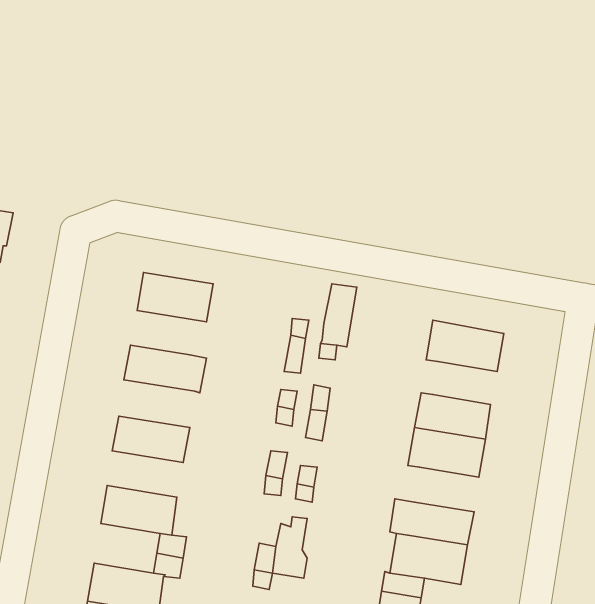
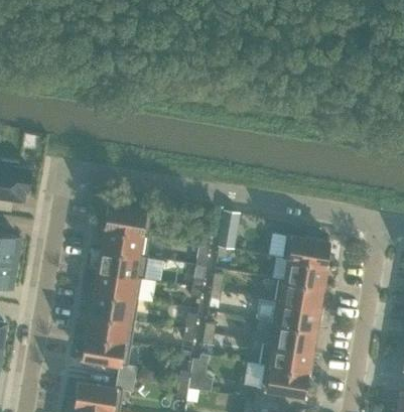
building: none -> [102,230,151,259]
building: none -> [286,261,325,287]
building: none -> [95,272,141,301]
building: none -> [88,315,134,344]
building: none -> [275,325,314,353]

